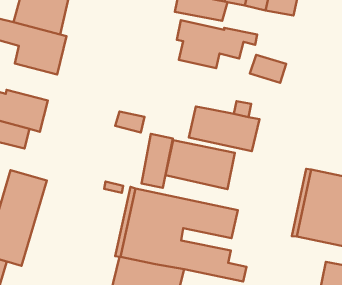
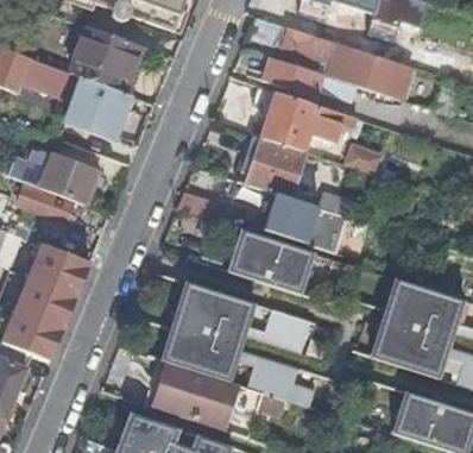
building: none -> [244,137,304,199]
building: [141,134,173,188] -> none

